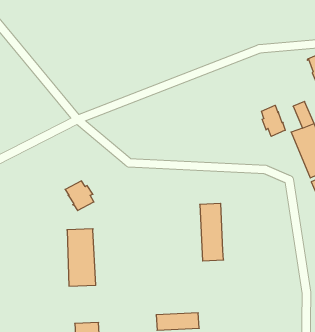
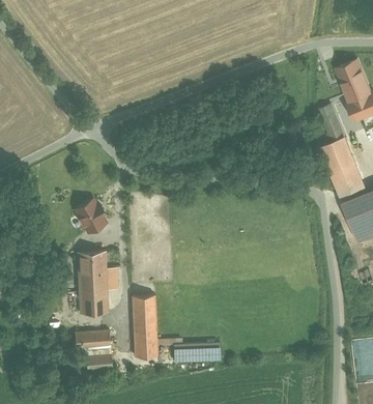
building: [261,105,285,136] -> none
building: [200,203,224,261] -> [133,296,159,358]
building: none -> [76,331,111,350]

